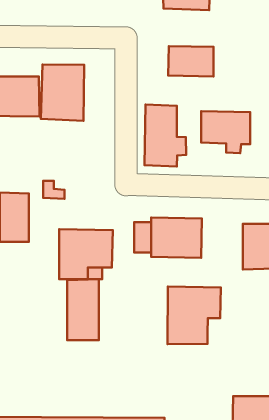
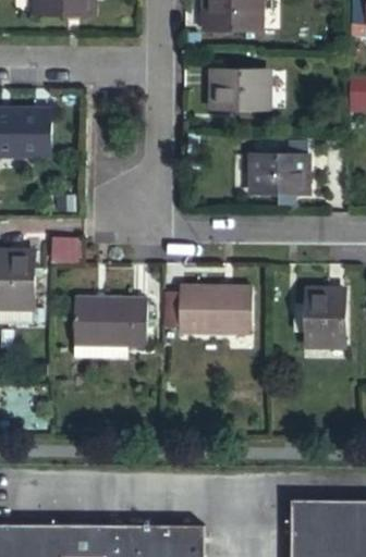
building: [41,65,84,121] -> none
building: [144,104,186,167] -> none
building: [67,279,99,340] -> none
building: [168,287,221,344] -> none

